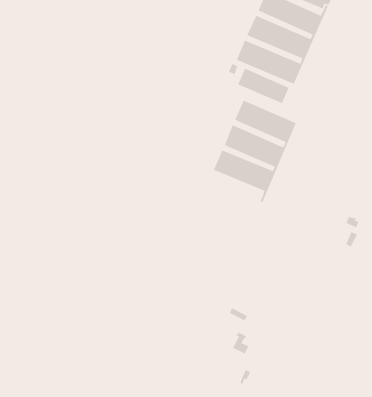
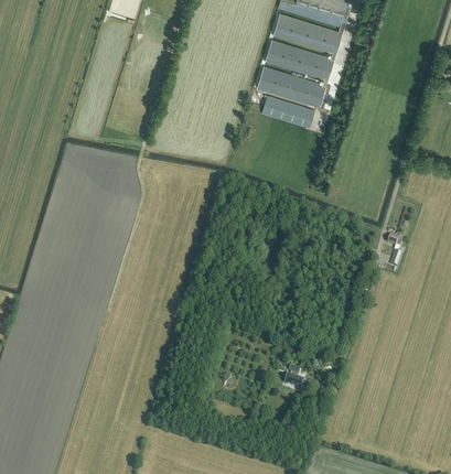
building: [213,99,297,203] -> none

